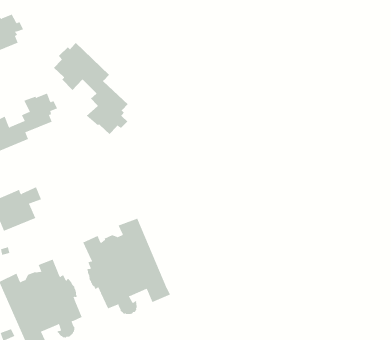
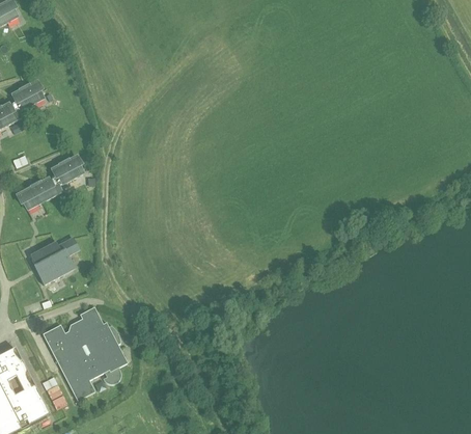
building: [53,42,128,135] -> none
building: [83,218,171,315] -> none

